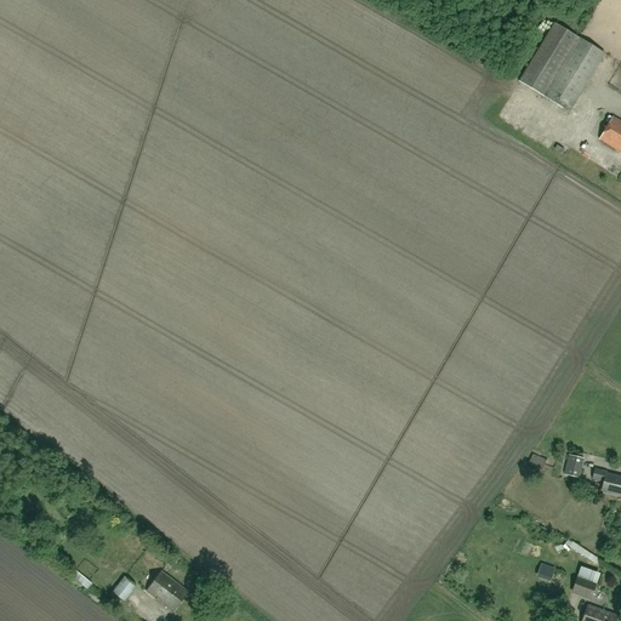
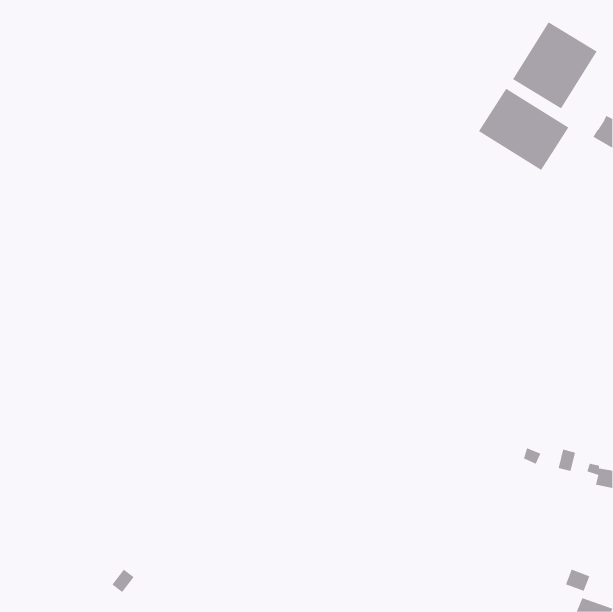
building: none -> [478,88,569,171]
building: [147,570,188,610] -> none

